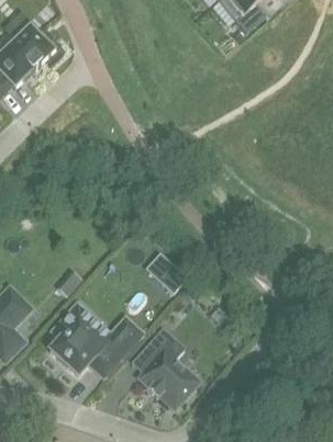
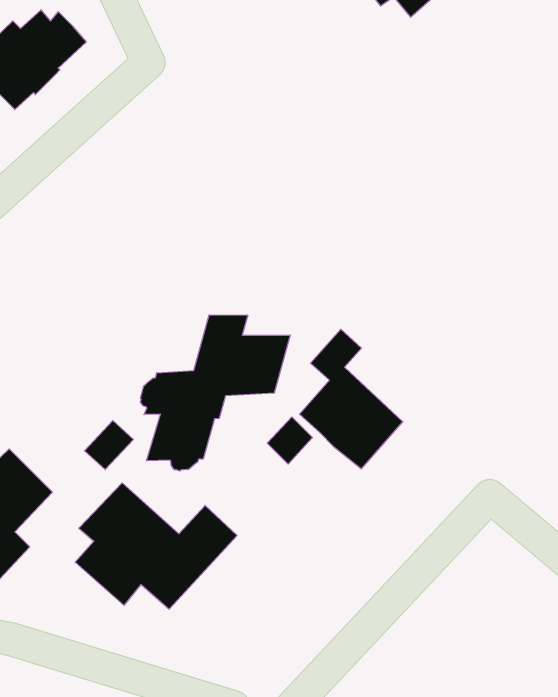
building: none -> [140,315,290,471]
building: [137,327,198,408] -> [299,329,403,469]

